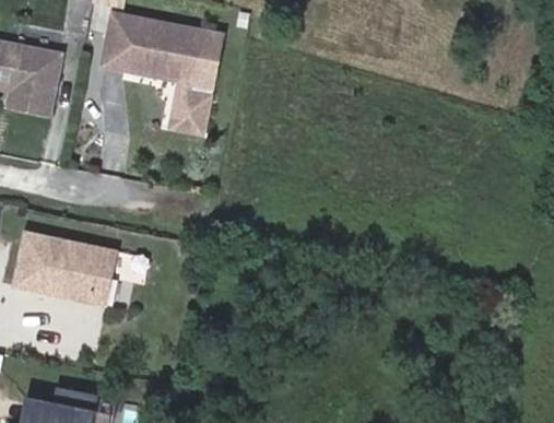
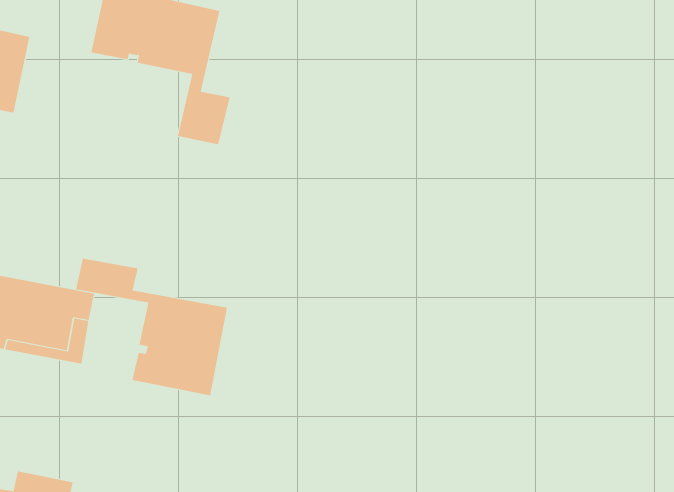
building: none -> [75,258,227,396]

